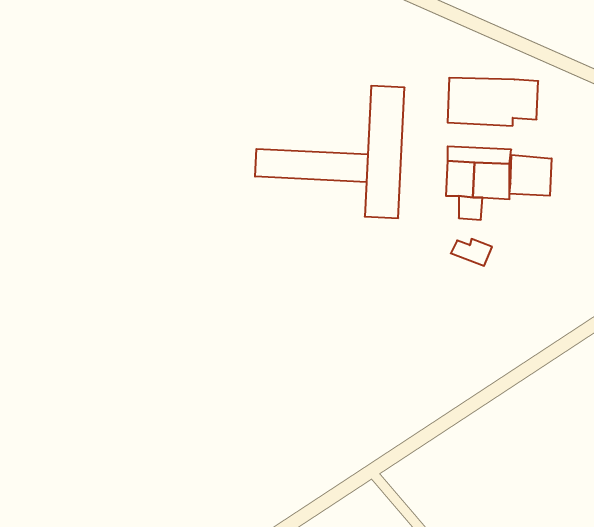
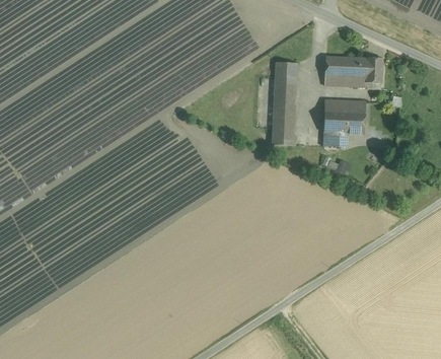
building: [255,149,368,182] -> none
building: [510,155,552,196] -> none

